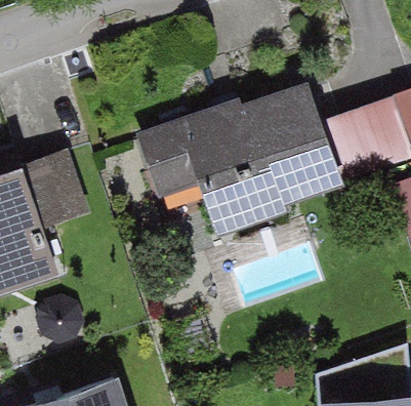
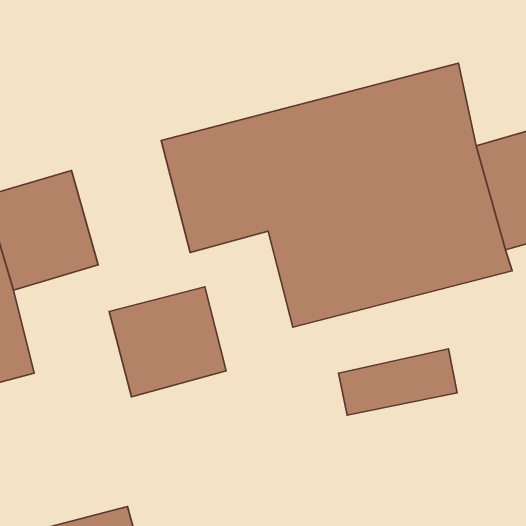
building: none -> [109,287,226,397]

